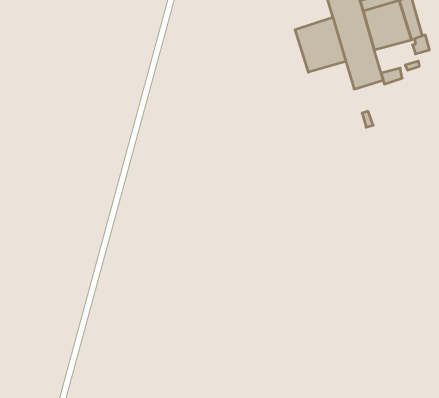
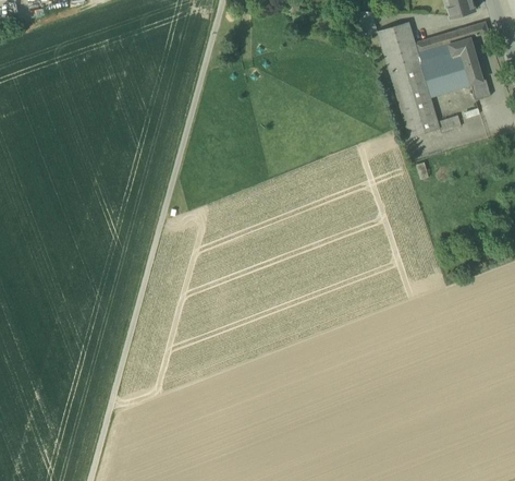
building: [295,17,346,72] -> none

